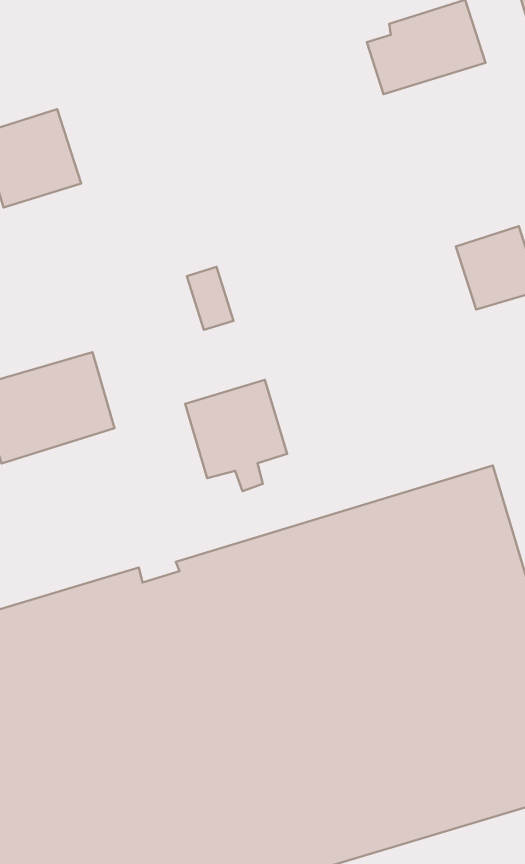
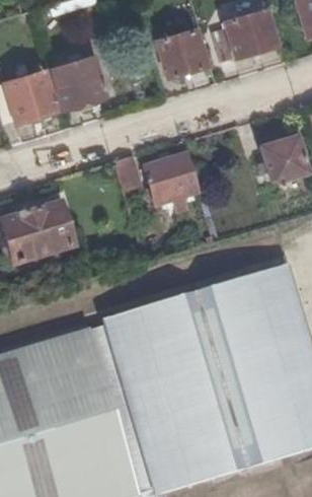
building: none -> [158,28,209,78]
building: none -> [61,56,105,106]
building: [185,380,287,491] -> [144,154,200,215]

